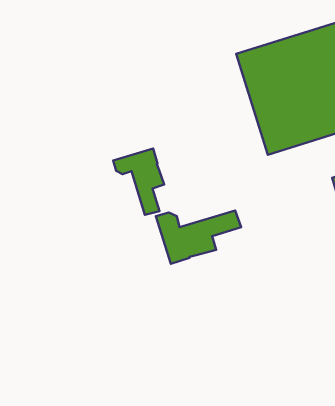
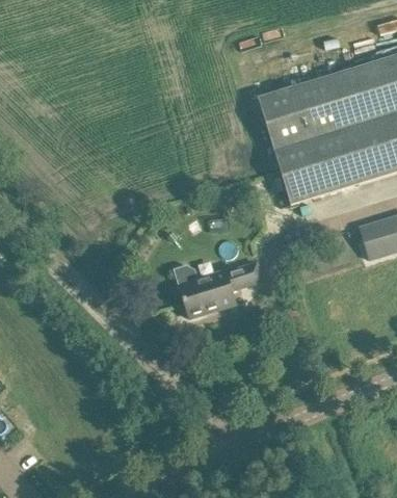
building: [113,149,164,215] -> none

